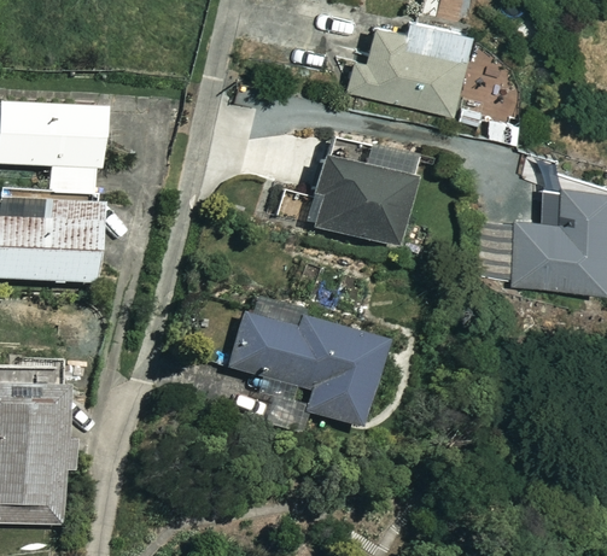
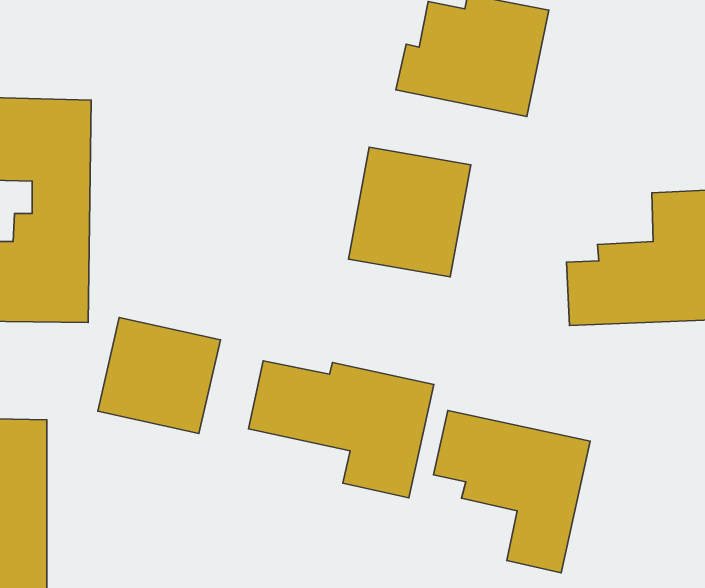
building: none -> [98,318,221,434]
building: none -> [434,410,590,573]

